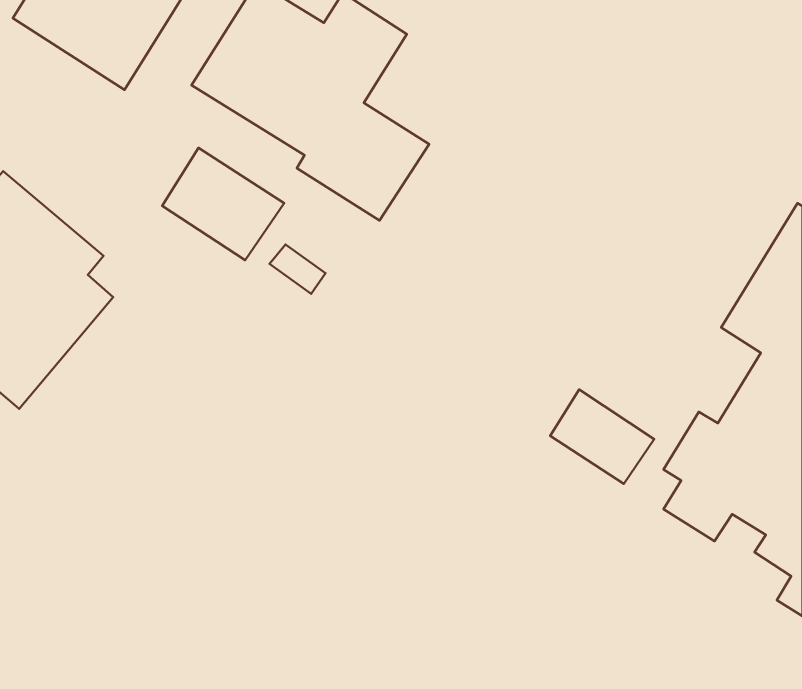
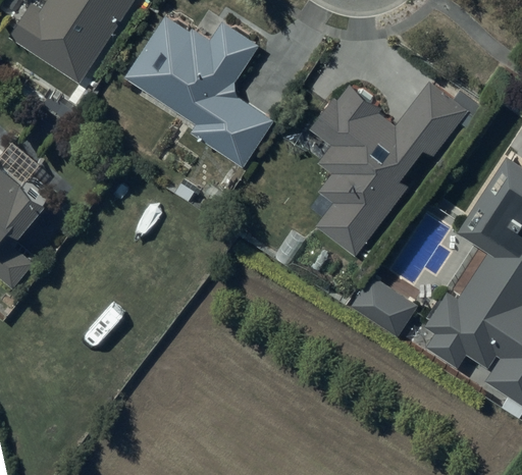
building: none -> [312,74,472,255]
building: [162,148,284,260] -> none

